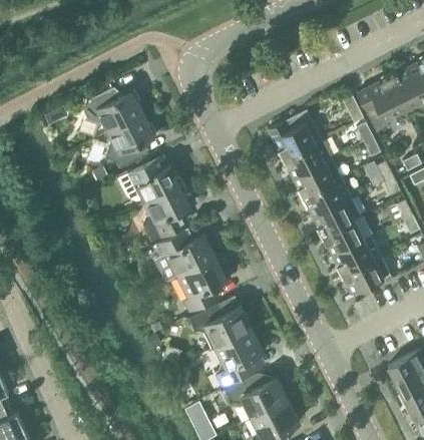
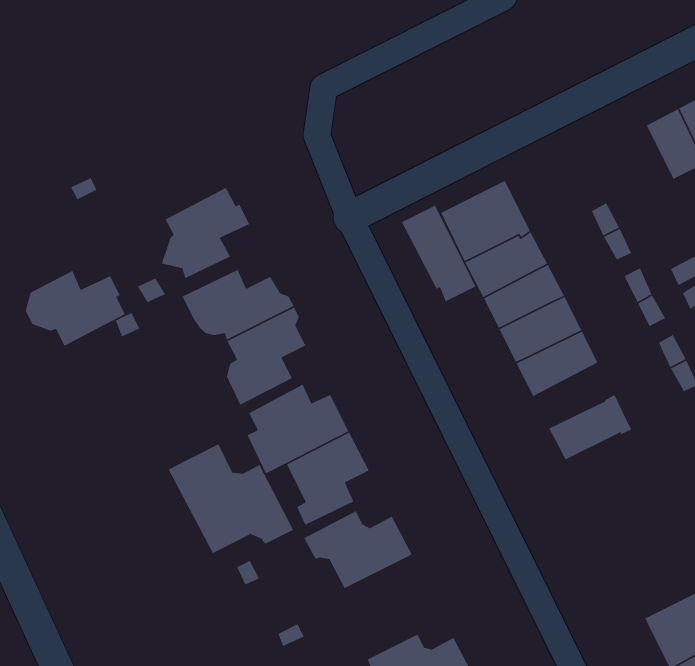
building: [357,79,405,133] -> none
building: [84,89,143,134] -> [25,270,126,347]
building: none -> [401,205,476,302]
building: [323,218,371,257] -> none
building: [342,258,391,297] -> none
building: none -> [167,443,294,554]
building: [216,331,264,387] -> none

